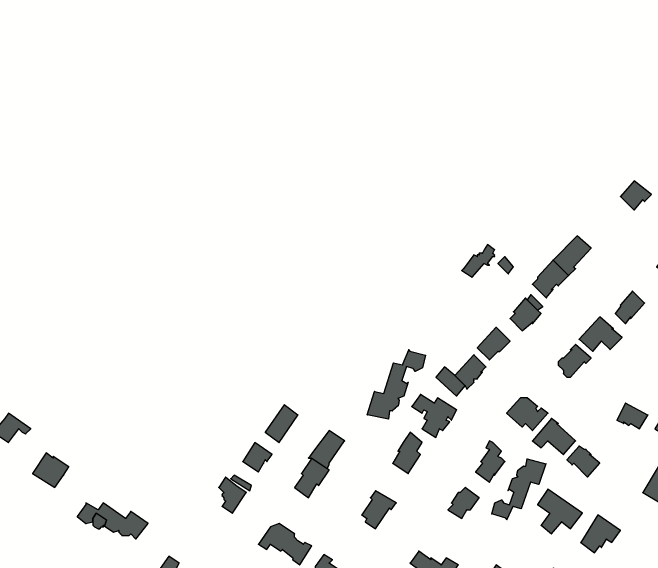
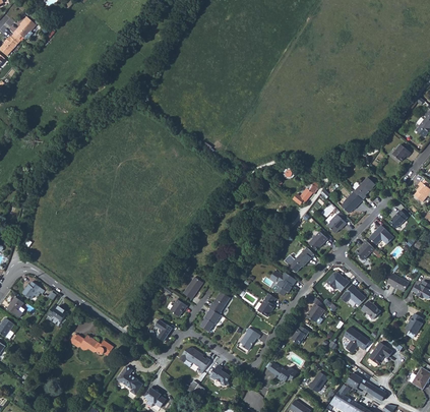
building: [367,350,426,419] -> none
building: [492,459,546,520] -> none

